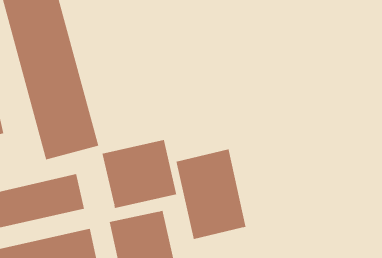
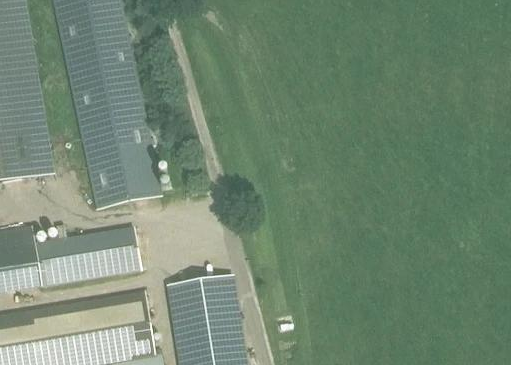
building: [102,139,177,209] -> none
building: [176,149,246,240] -> none

